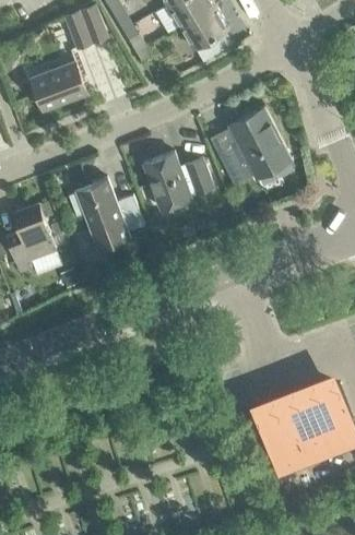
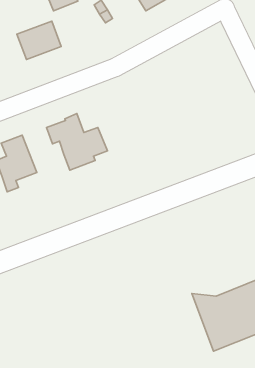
building: [220,107,291,183] -> none
building: [142,152,213,209] -> none

